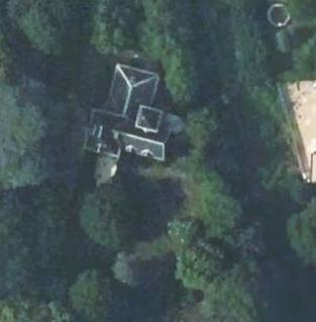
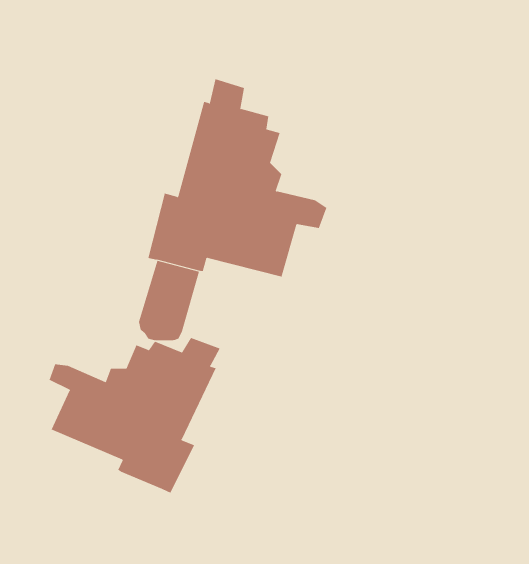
building: none -> [49,337,220,493]

